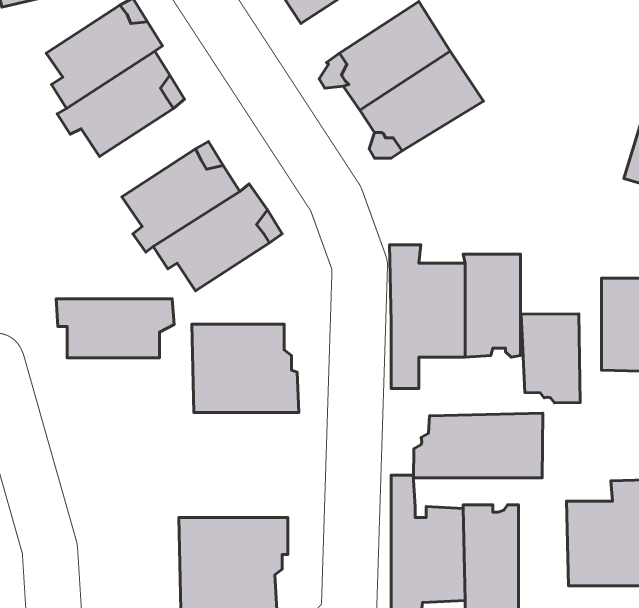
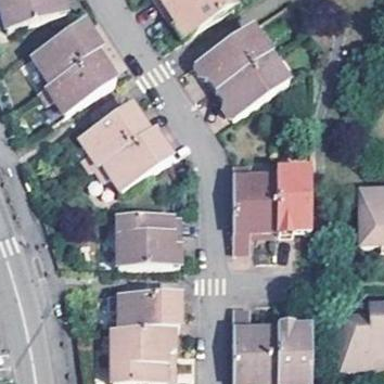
building: [56,299,174,358] -> [112,292,181,327]
building: [521,314,580,403] -> none
building: [413,413,543,478] -> none

